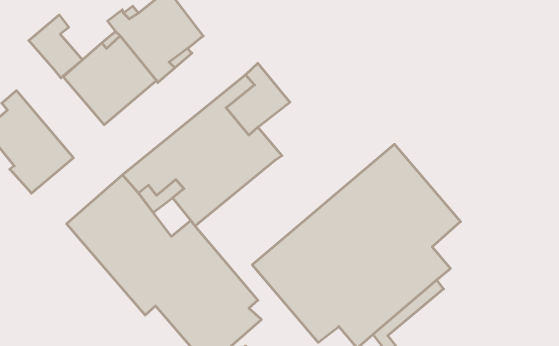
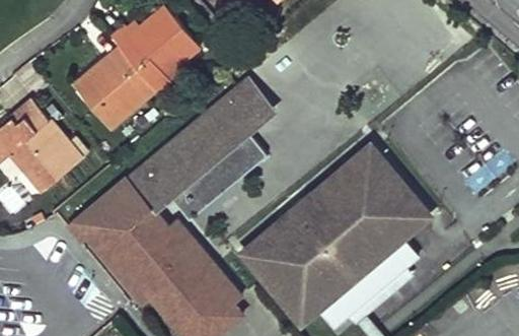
building: [29,15,83,78] -> none

